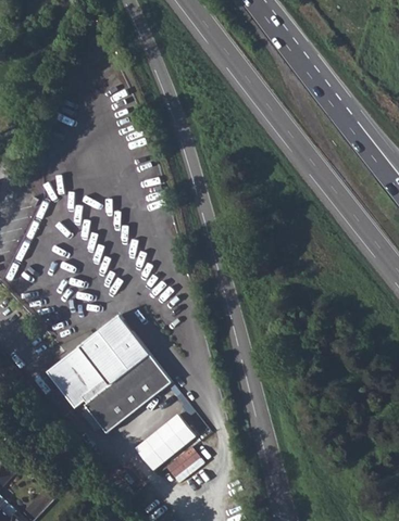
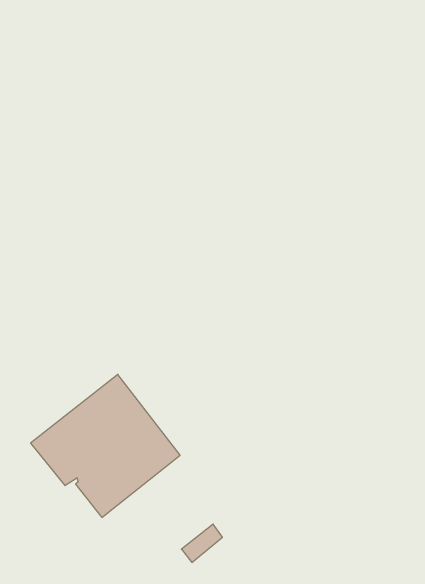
building: [133,412,195,470] -> none

